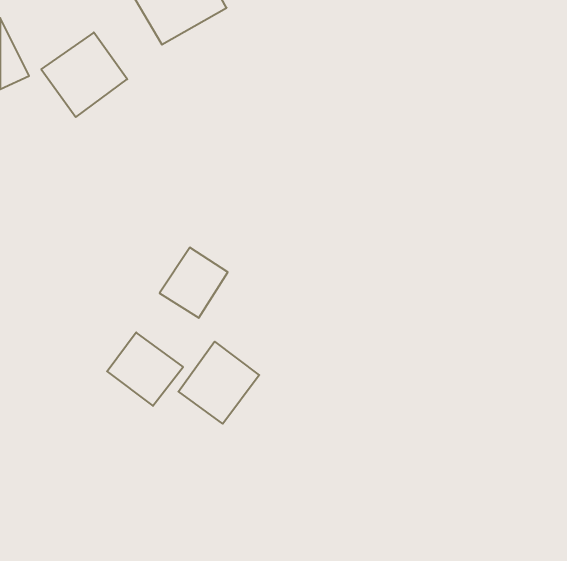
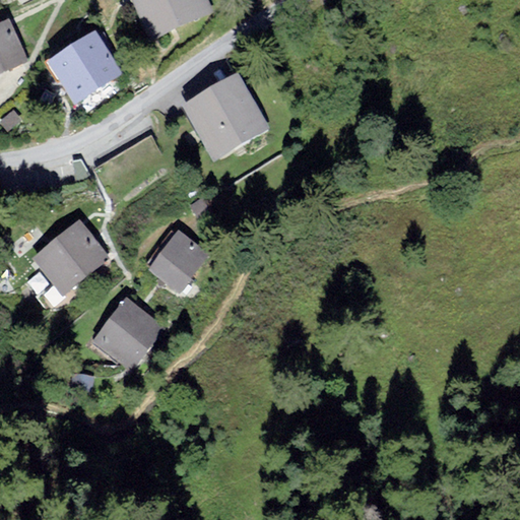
building: none -> [181,70,270,158]
building: none -> [31,221,106,295]
building: [178,342,259,424] -> none

